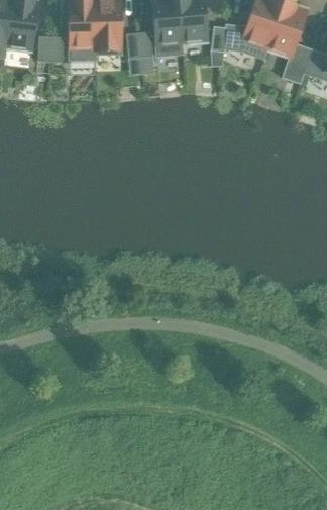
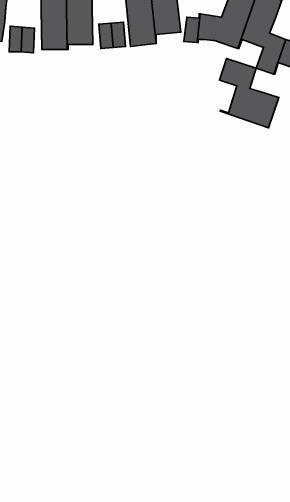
building: none -> [219,59,279,128]

